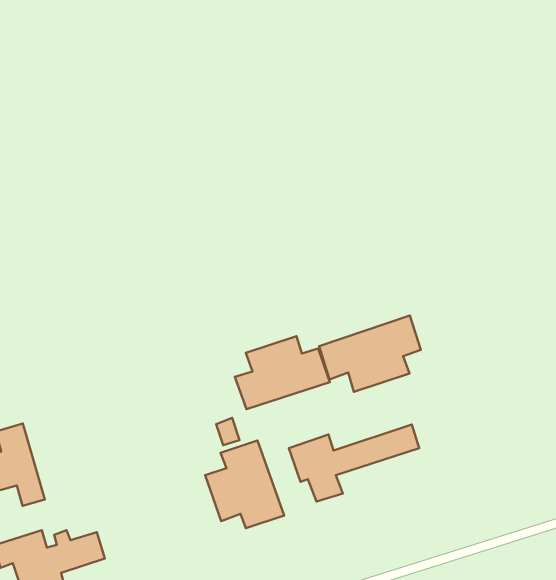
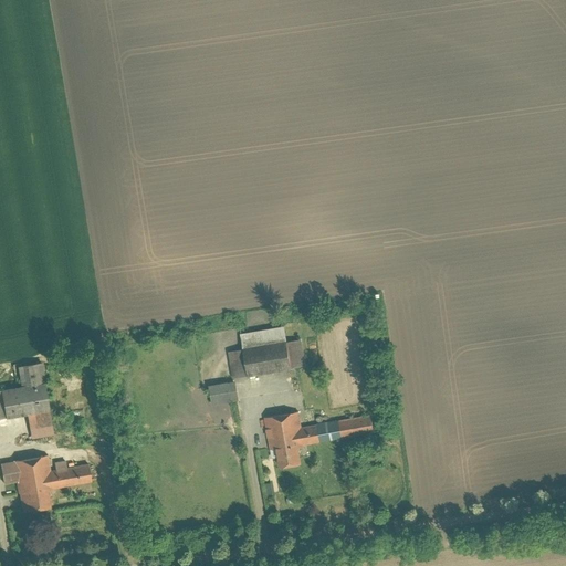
building: [319,315,421,392] -> none
building: [205,441,284,528] -> none

